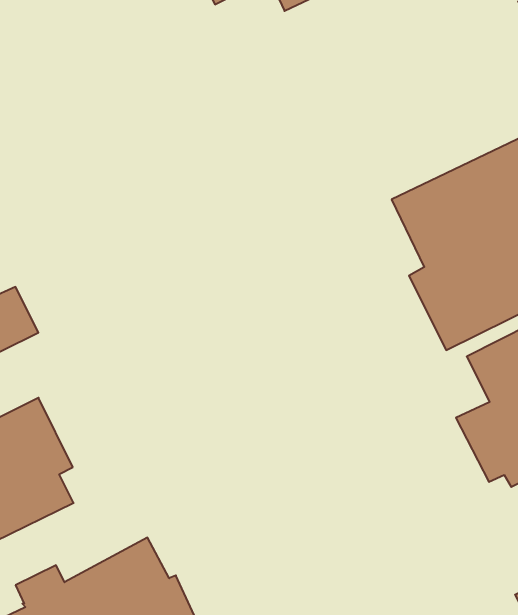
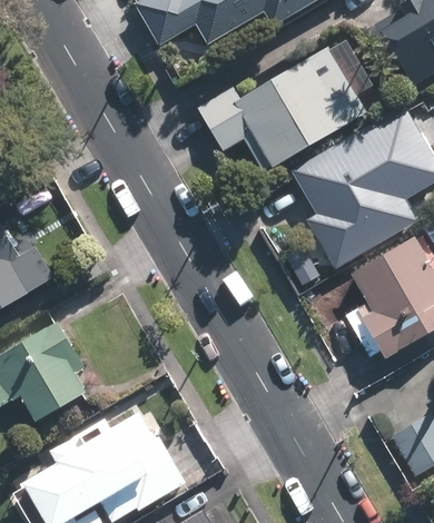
building: none -> [197,47,367,171]

